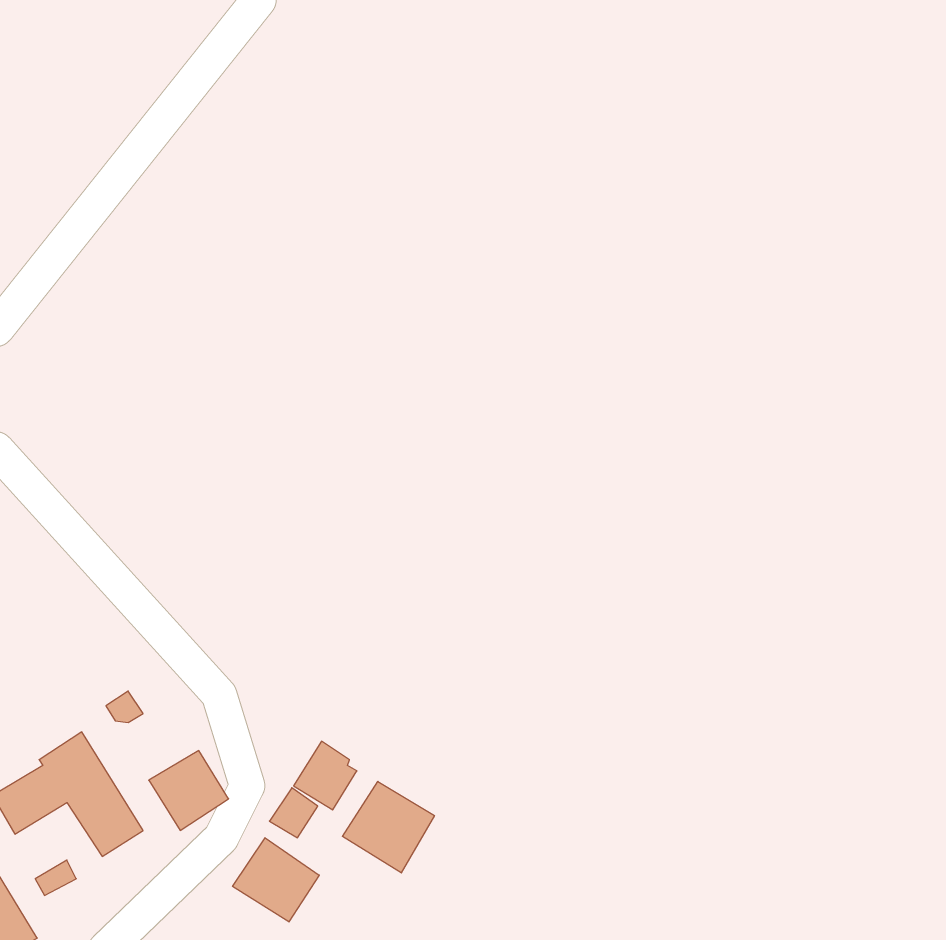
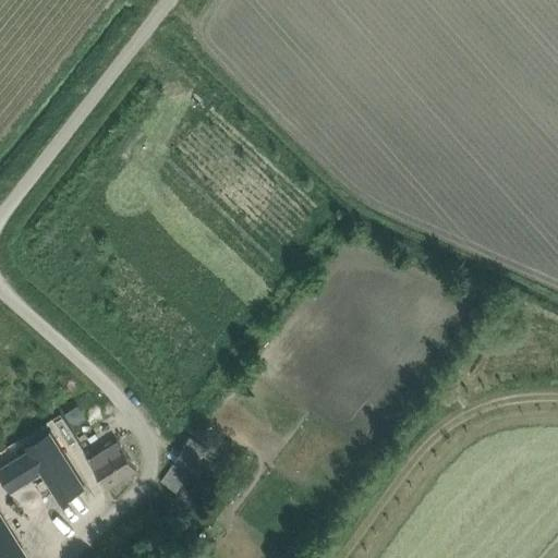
building: [342,781,434,873] -> none
building: [233,838,319,922] -> none

